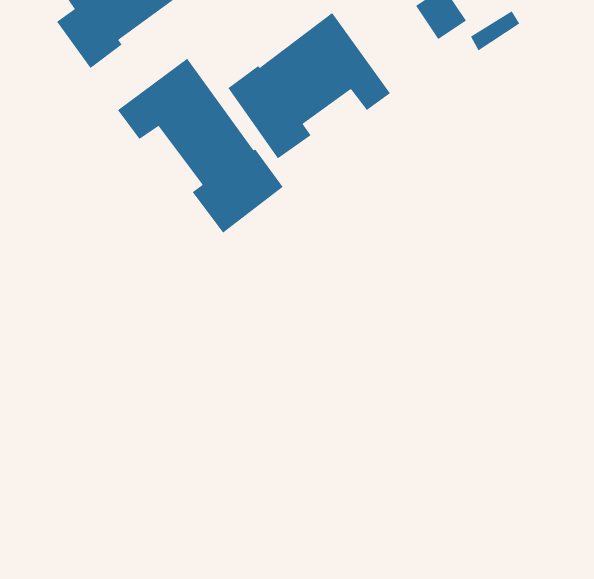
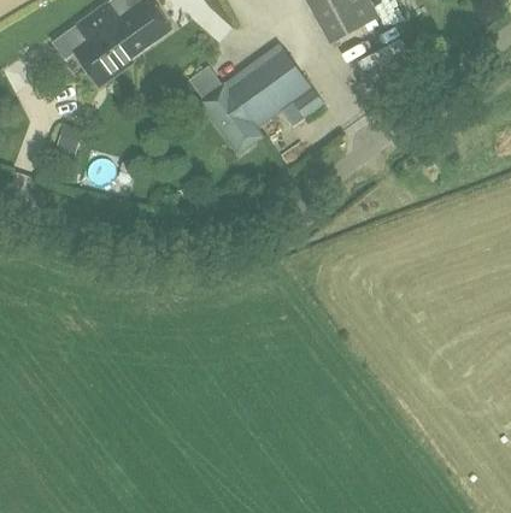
building: [117,58,284,233] -> none

